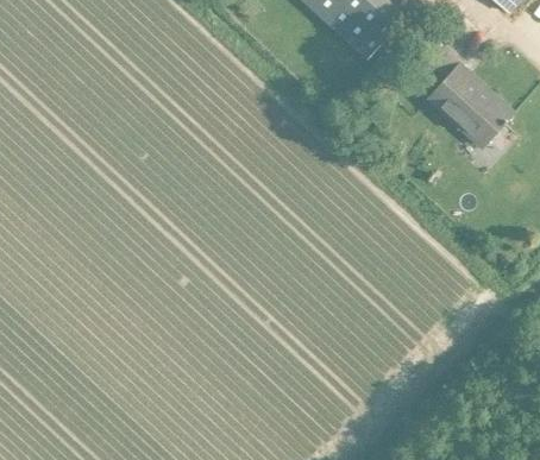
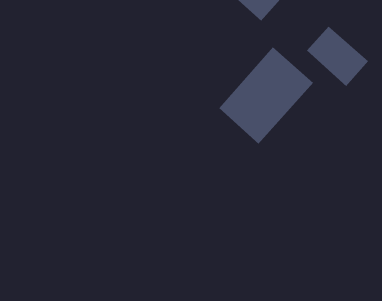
building: none -> [218,46,314,145]

